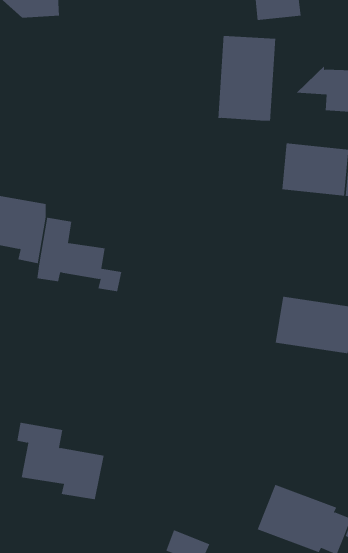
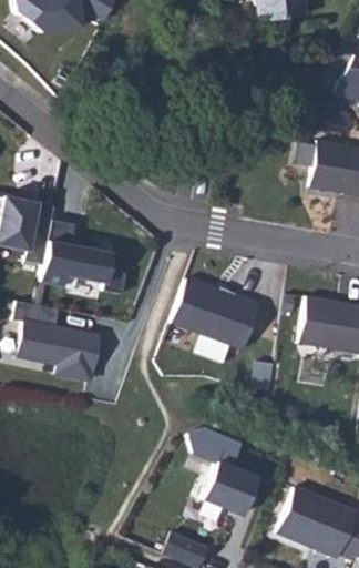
building: [218,35,276,122] -> none
building: none -> [175,276,264,346]
building: none -> [191,423,269,518]
building: [16,422,104,500] -> [19,301,106,378]

